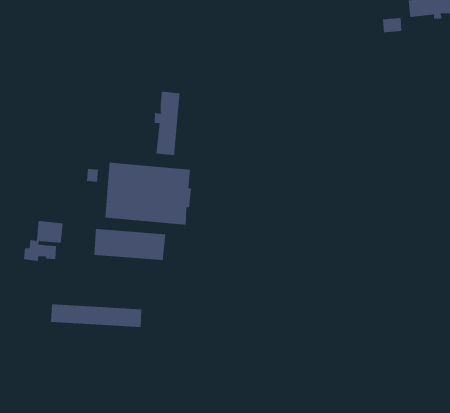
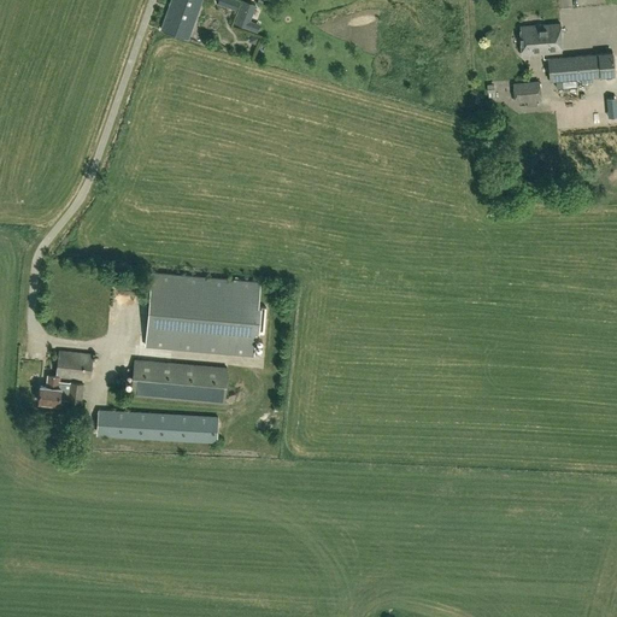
building: [154,91,180,156] -> none
building: [50,304,142,328] -> [96,410,218,441]

